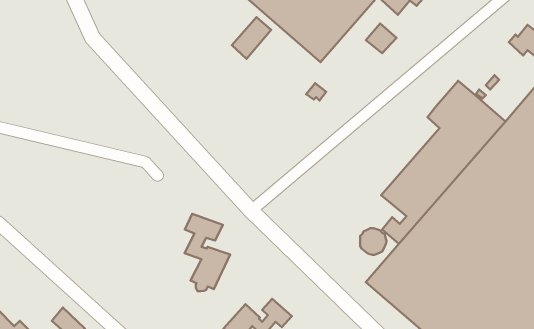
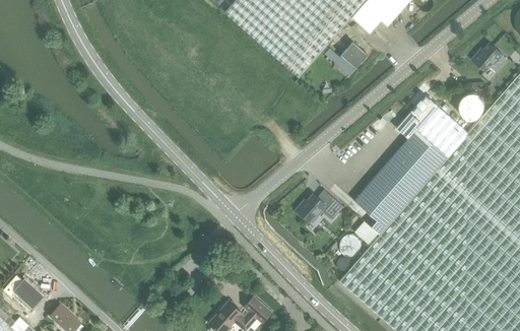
building: [232,17,271,59] -> none
building: none -> [296,190,343,221]
building: [184,214,230,291] -> none
building: none -> [14,279,43,307]

